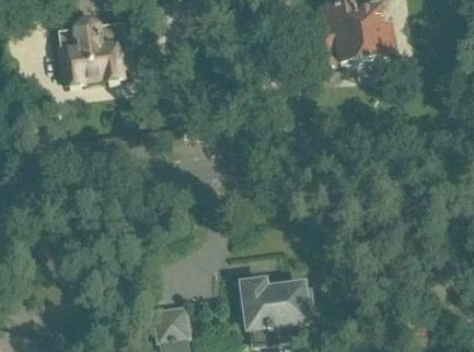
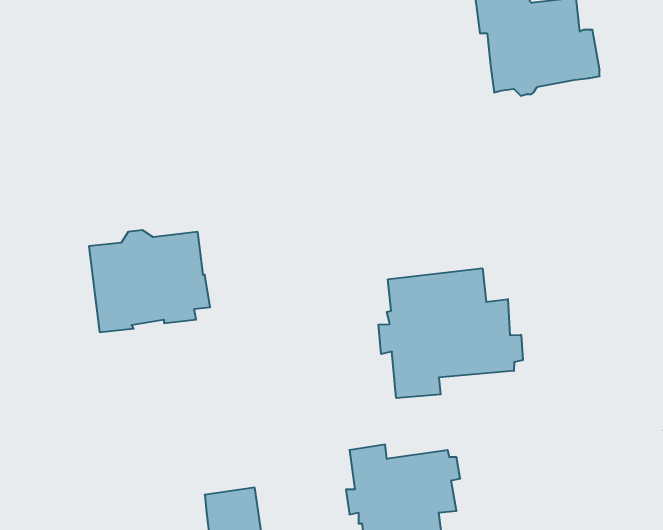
building: [58,20,132,82] -> [89,230,210,332]
building: none -> [379,268,523,398]

